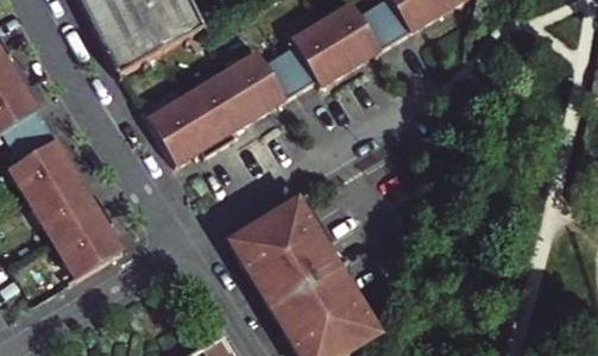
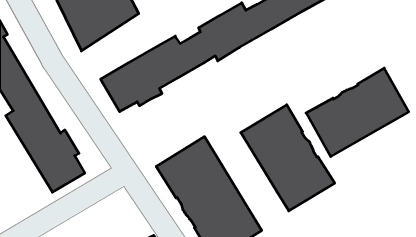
building: none -> [306,68,409,157]
building: none -> [241,105,335,211]

